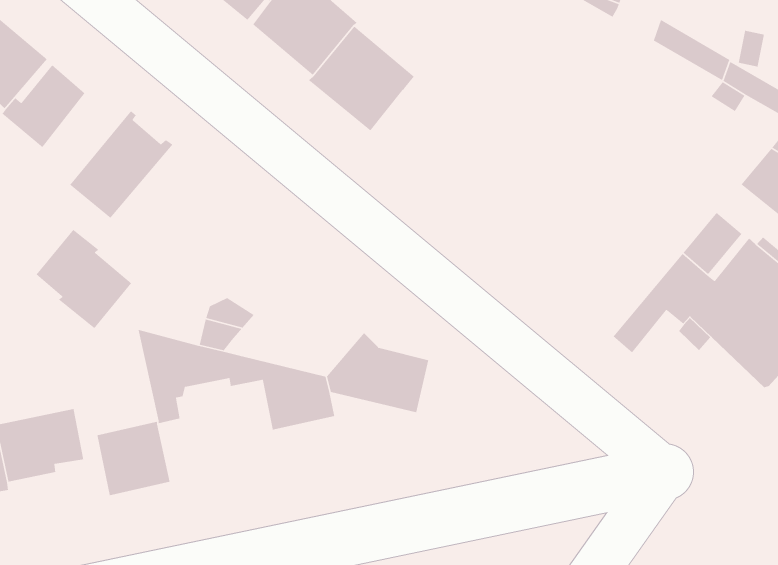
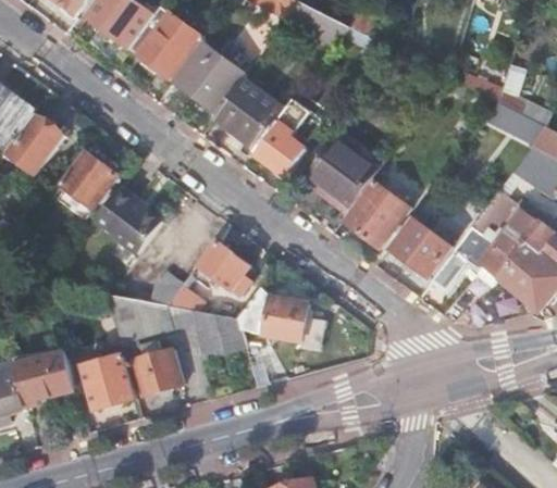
building: none -> [256,100,322,176]
building: none -> [308,138,376,205]
building: none -> [344,182,408,248]
building: [36,229,132,329] -> [95,187,161,254]
building: none -> [392,220,449,278]
building: none -> [189,241,249,297]
building: none -> [132,349,183,396]

